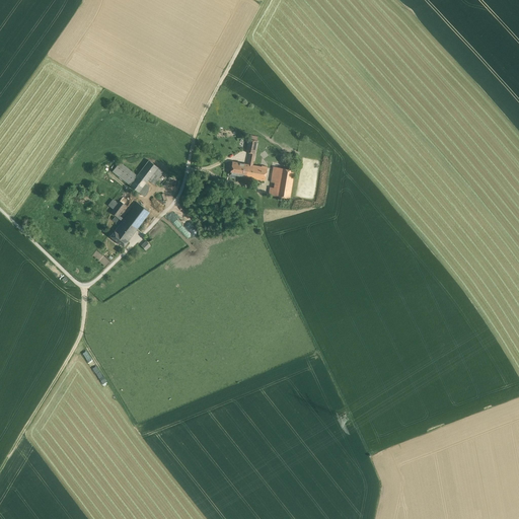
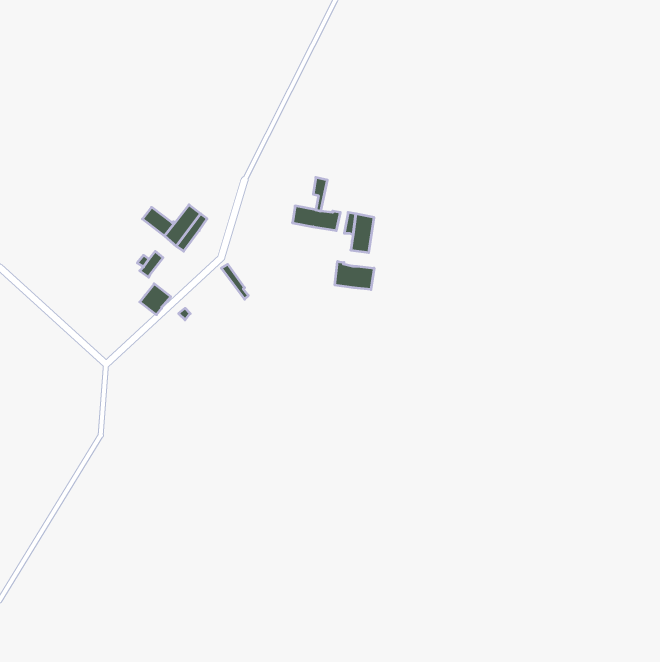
building: [121,202,149,232] -> none
building: none -> [335,261,374,290]

